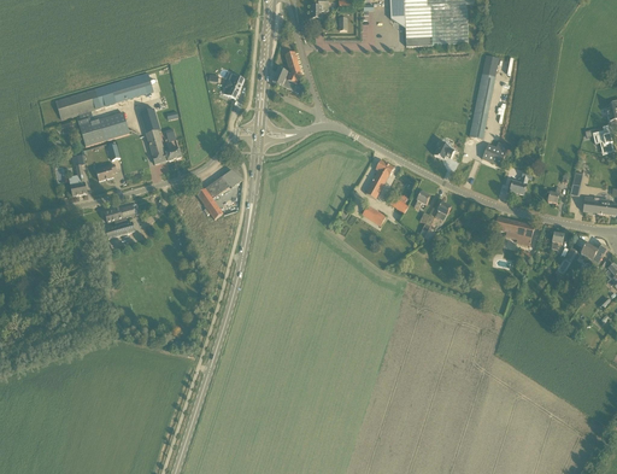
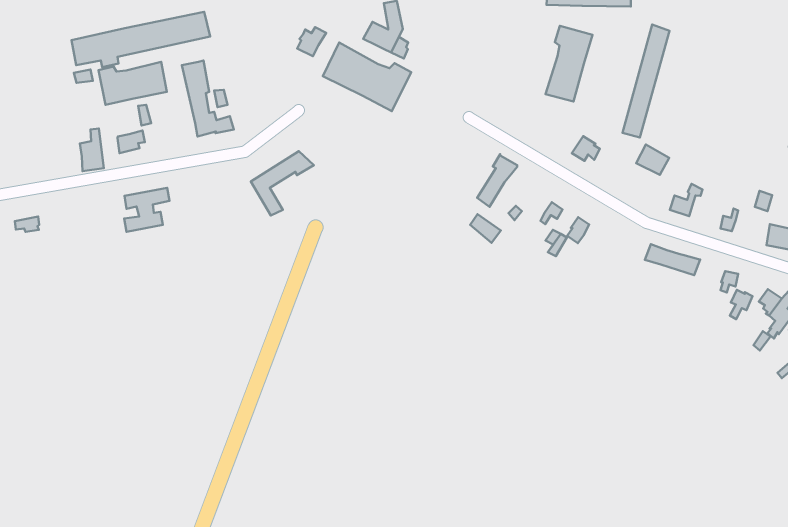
building: none -> [546,26,592,102]
building: none -> [323,43,411,111]

